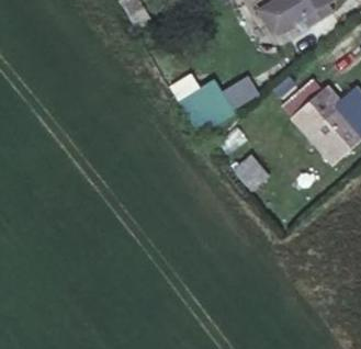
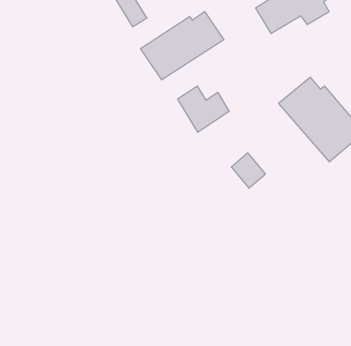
building: none -> [141,12,224,80]

